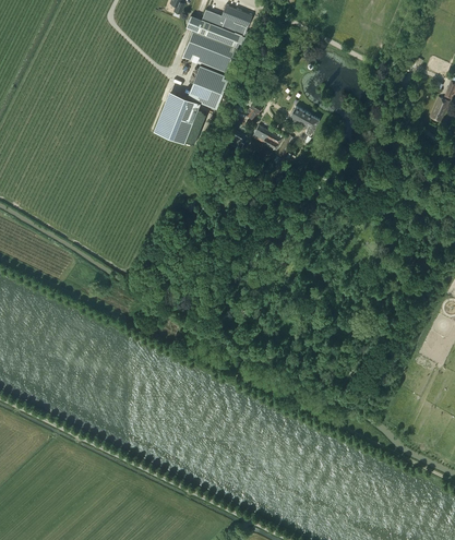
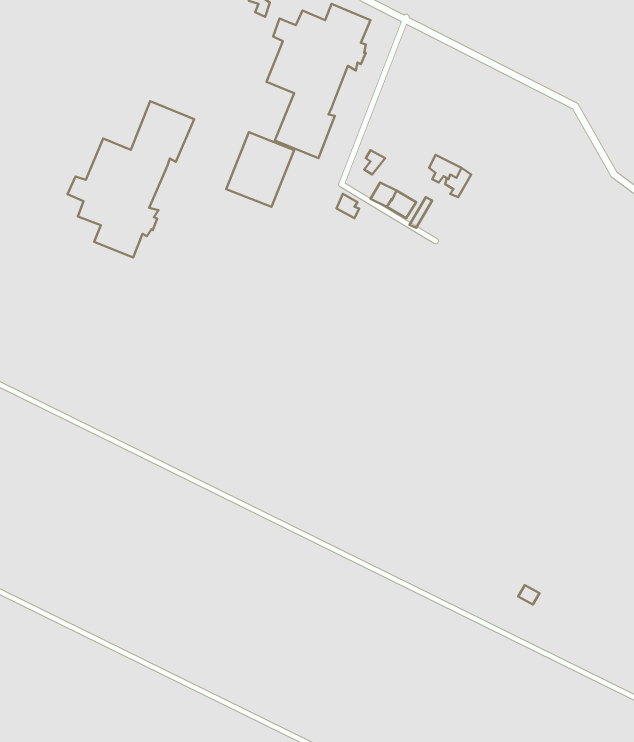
building: none -> [67,101,194,258]

